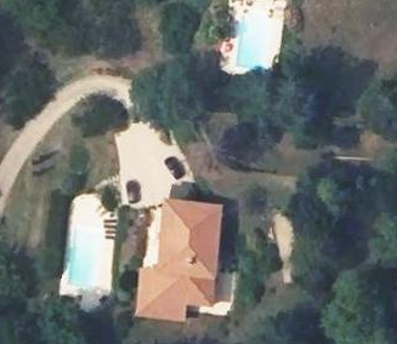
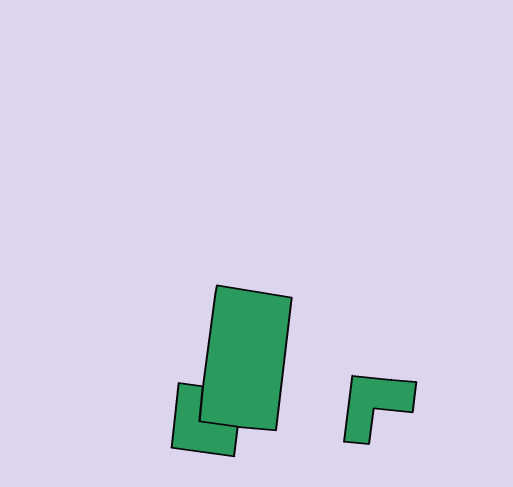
building: none -> [344,376,416,444]

